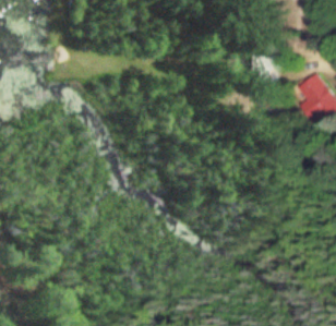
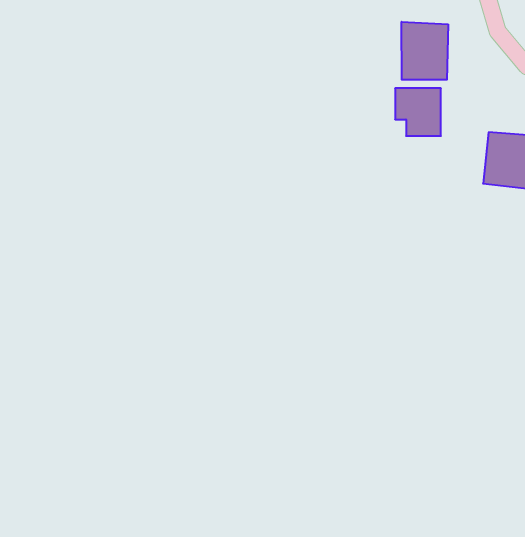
building: none -> [402,22,448,80]

